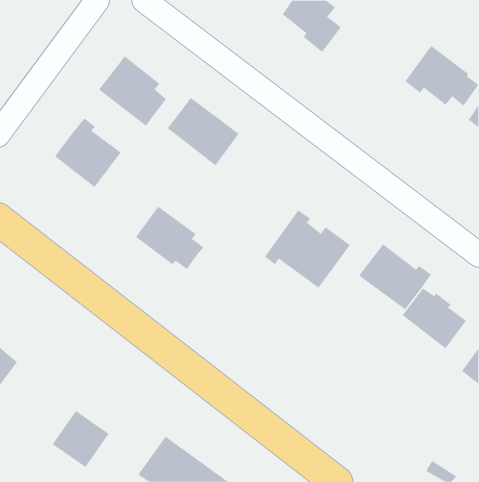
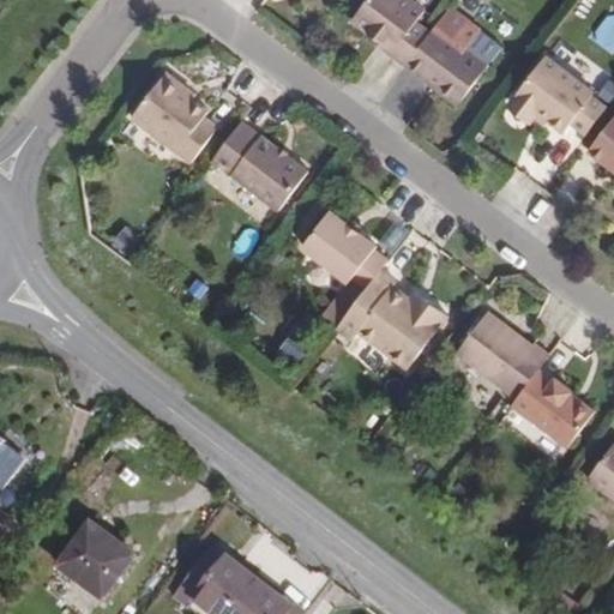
building: none -> [410,5,490,104]
building: [54,117,122,188] -> none
building: [135,206,204,270] -> [297,206,385,288]

